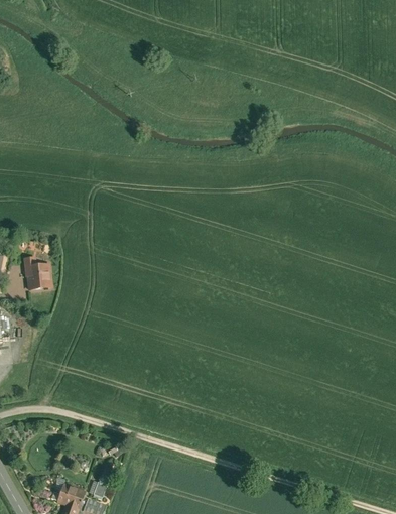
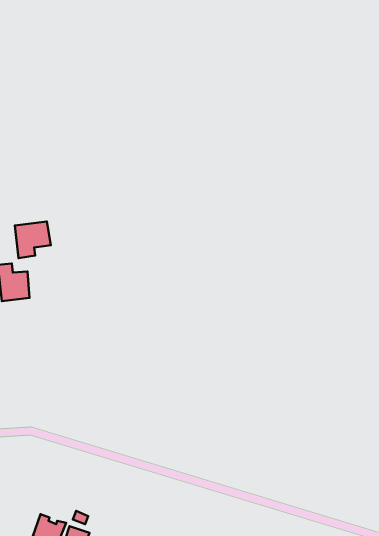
building: none -> [15,222,51,258]

